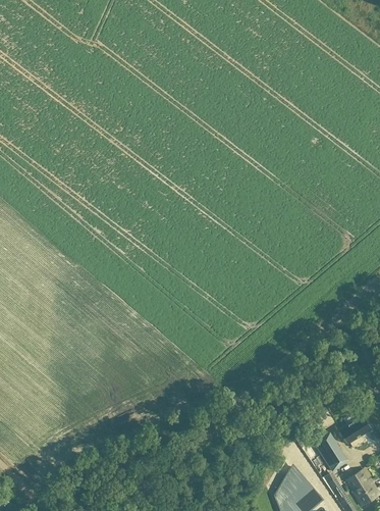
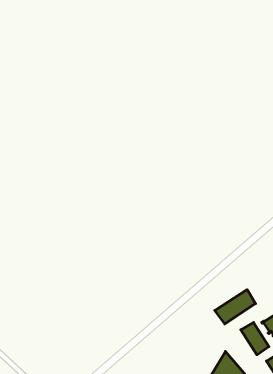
building: none -> [215,290,256,324]

